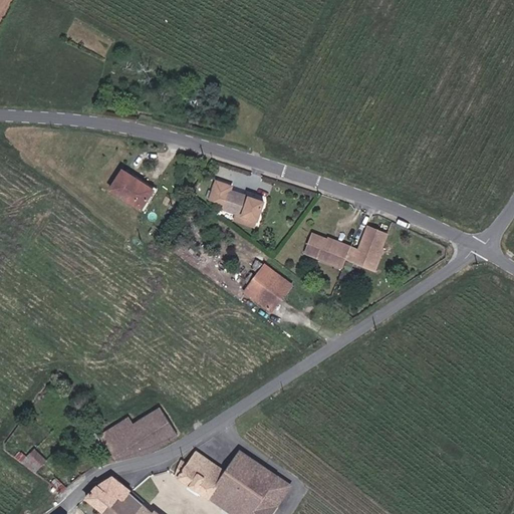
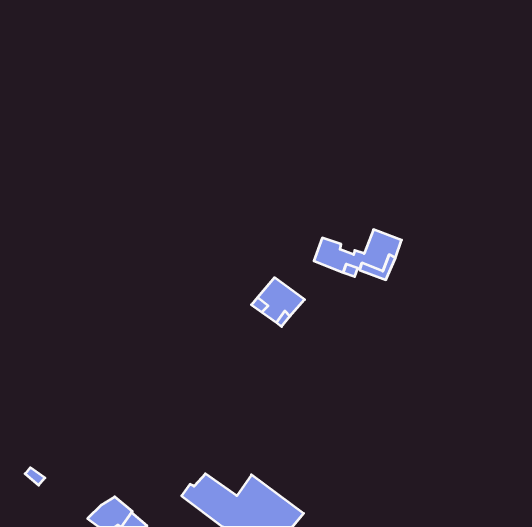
building: [113,175,159,214] -> none
building: [212,181,265,231] -> none
building: [99,399,178,453] -> none

